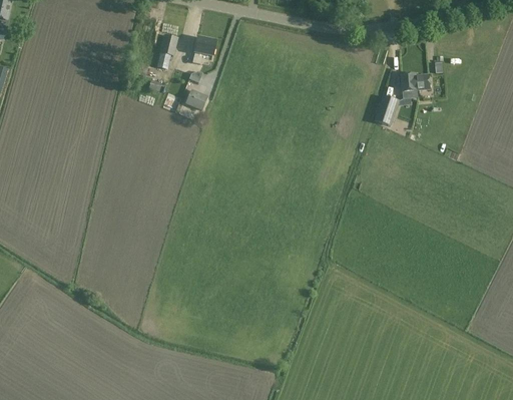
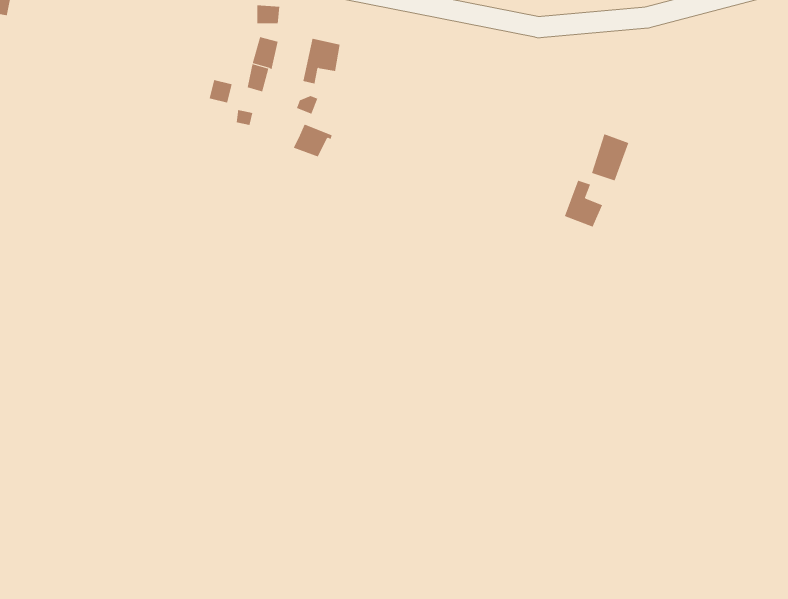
building: [400,72,429,97] -> none
building: none -> [564,180,603,227]

